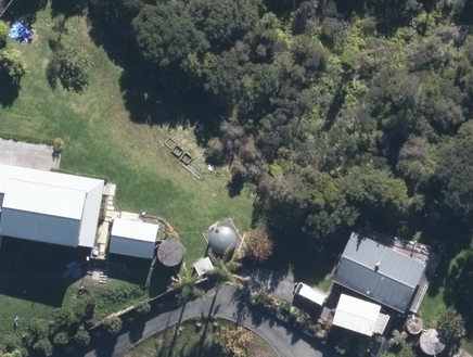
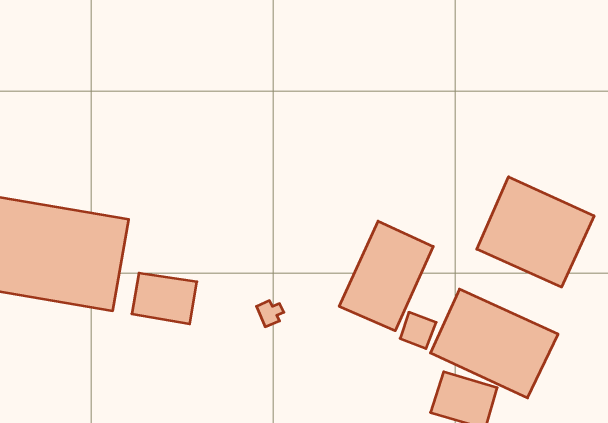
building: none -> [477,177,594,287]
building: none -> [339,221,433,331]

